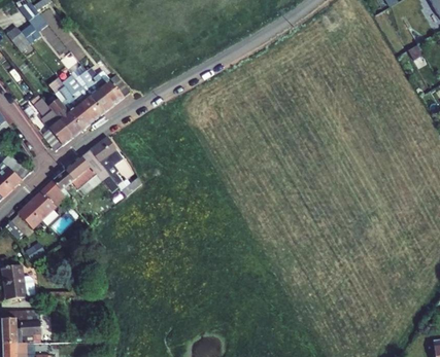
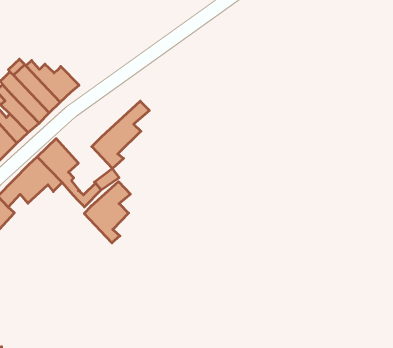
building: none -> [92,101,149,169]
building: none -> [84,182,130,243]

